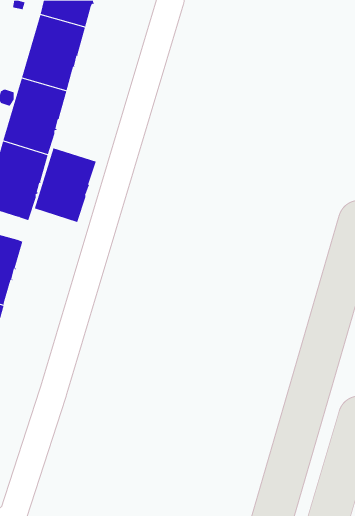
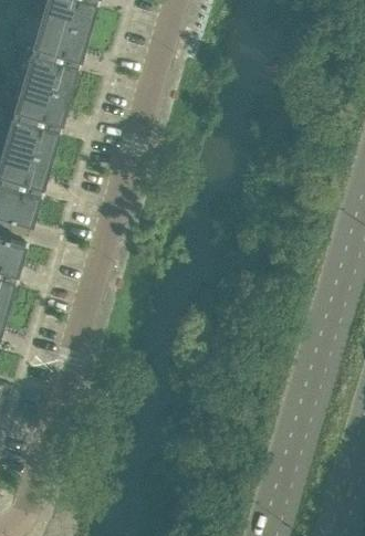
building: [34,147,97,223] -> none

